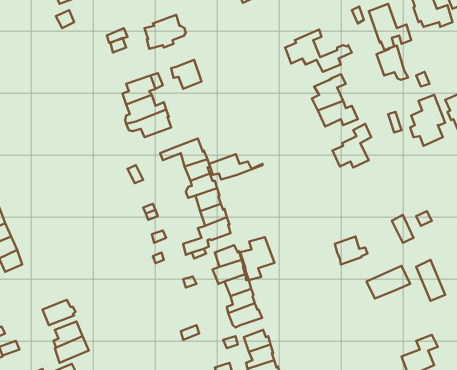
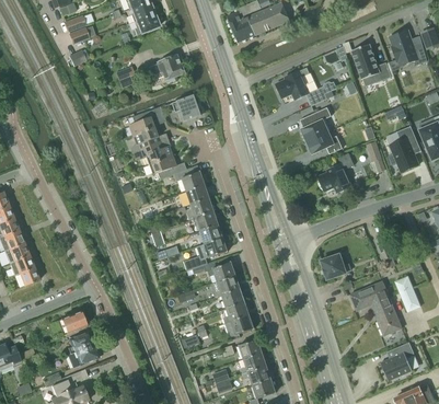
building: [376,45,408,80] -> none
building: [209,154,262,180] -> [149,155,197,178]
building: [240,237,275,280] -> none
building: none -> [373,297,402,335]

